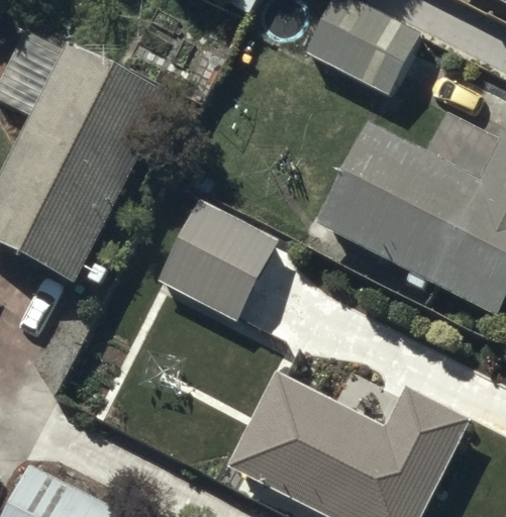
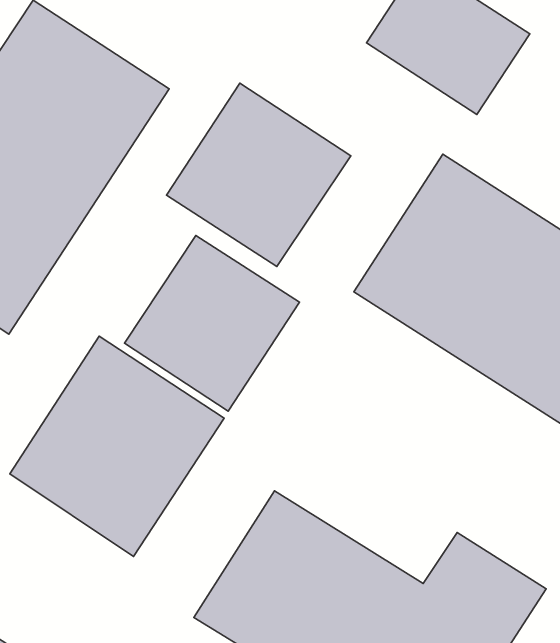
building: none -> [166,83,351,267]
building: none -> [10,336,224,557]

